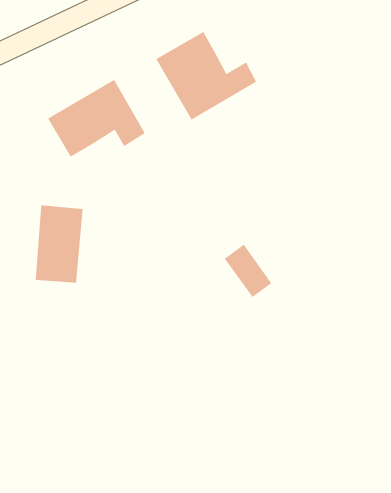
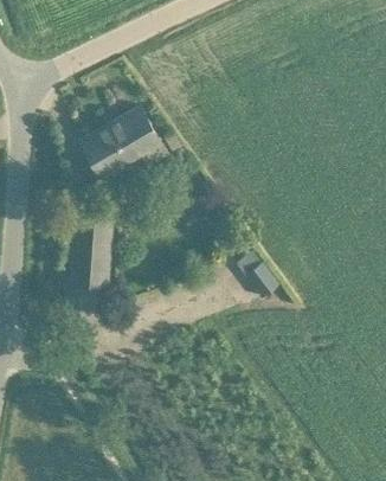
building: [156,31,257,121] -> none

